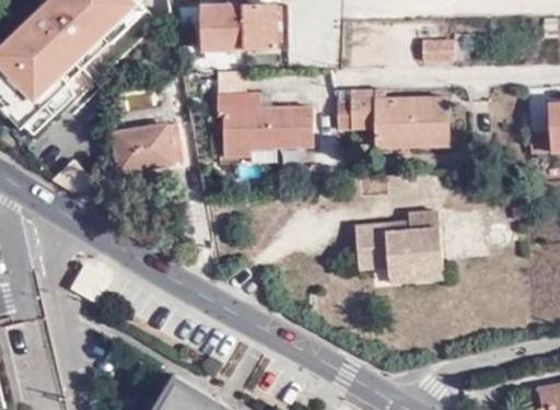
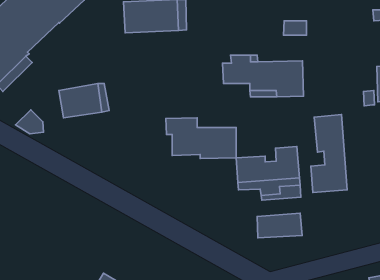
building: [212,87,308,143] -> [166,118,236,159]
building: none -> [311,115,347,193]
building: none -> [257,213,302,238]

